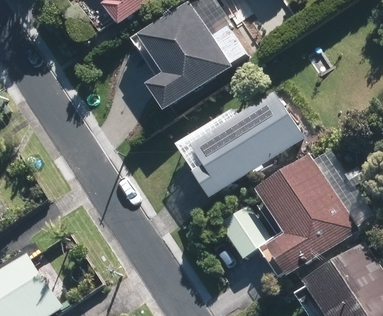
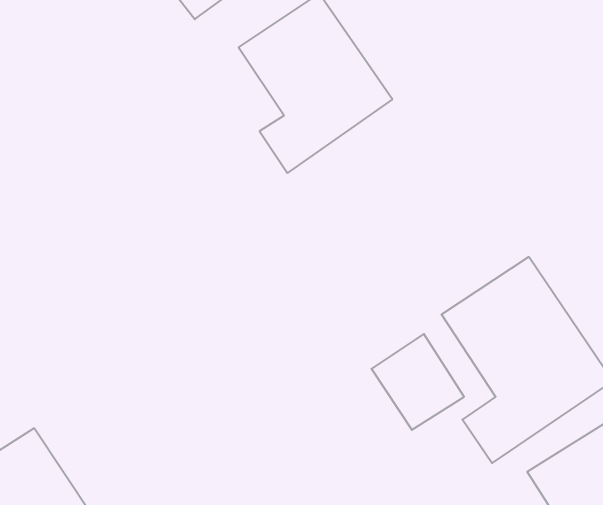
building: [192,92,298,197] -> none

